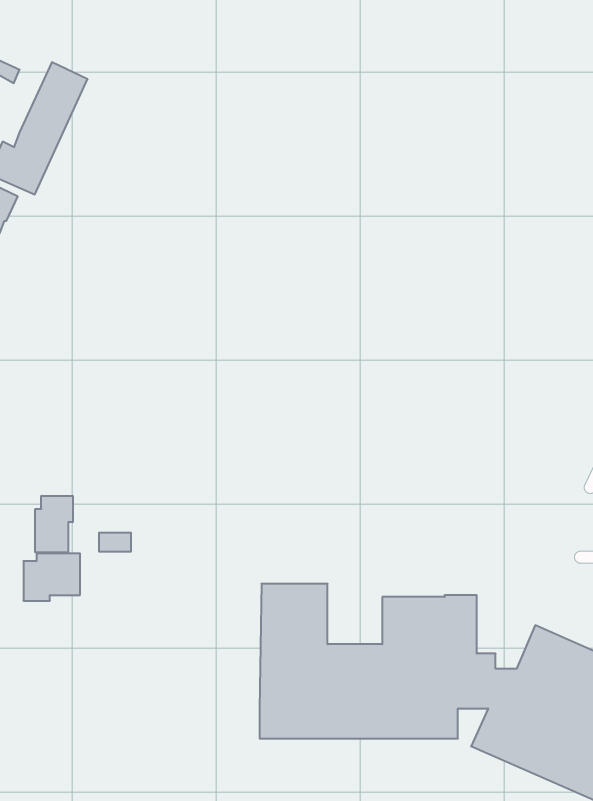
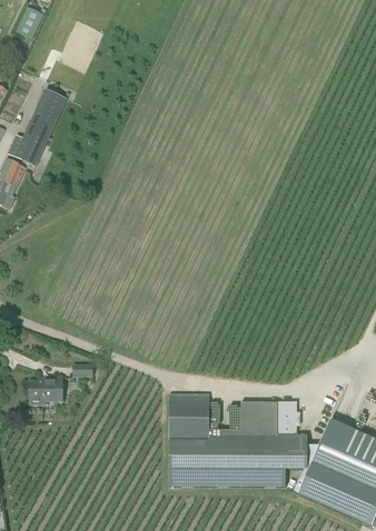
building: [35,496,73,552] -> none

